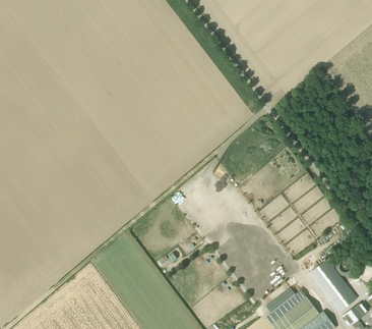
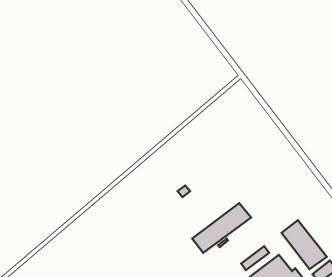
building: none -> [192,203,251,253]

